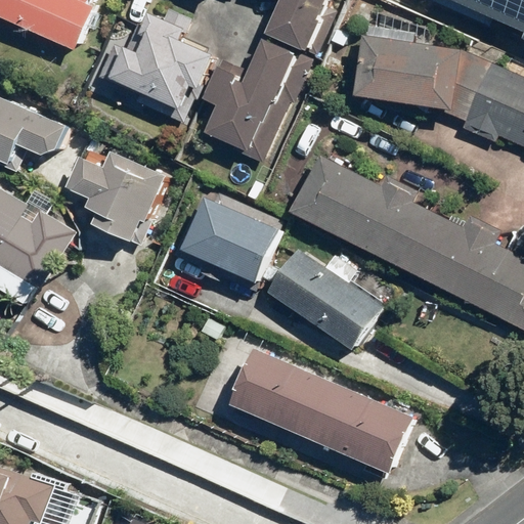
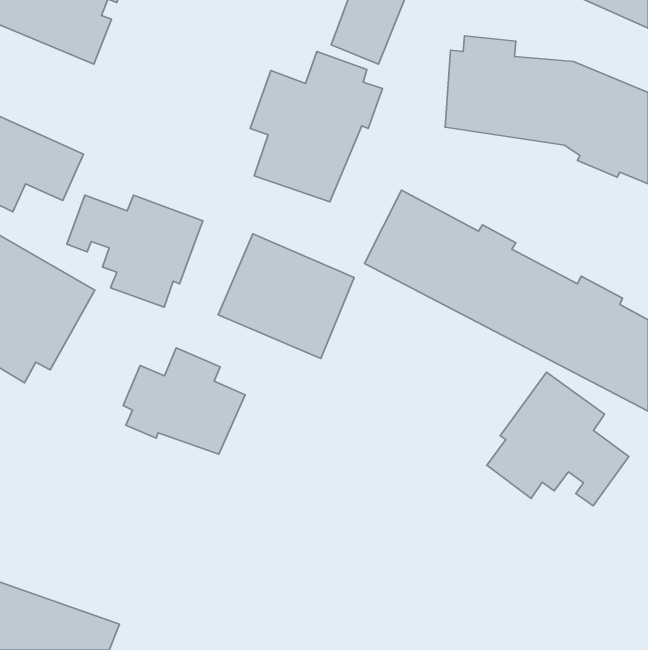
building: [108,7,212,114] -> none
building: [267,245,381,347] -> none
building: none -> [123,348,245,454]
building: none -> [487,372,629,506]
building: [226,345,409,472] -> none

